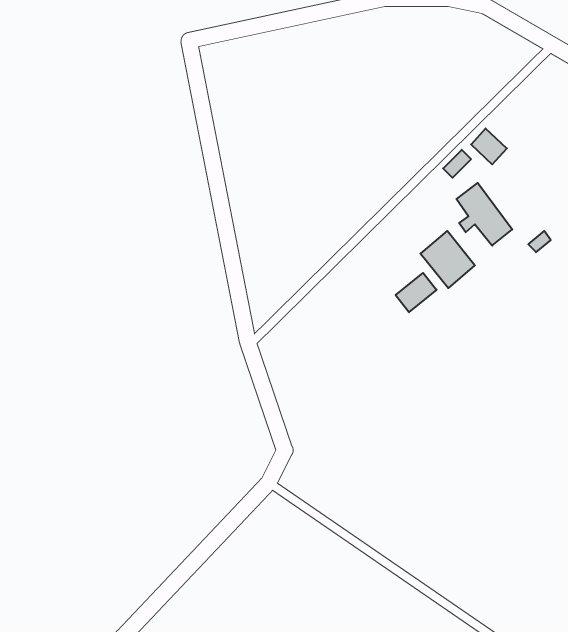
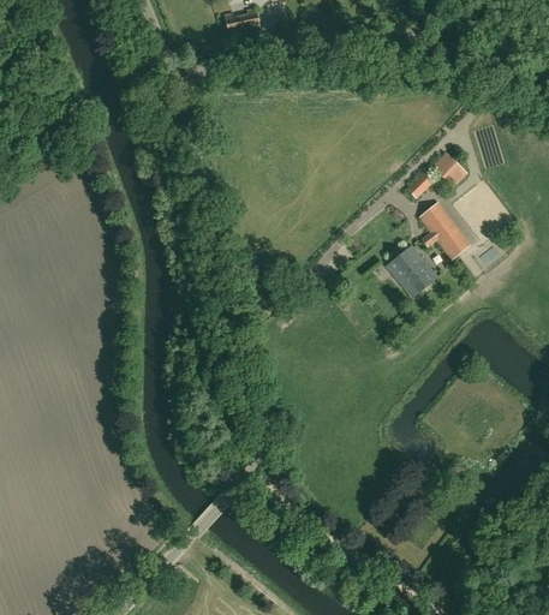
building: [396,273,437,312] -> none

